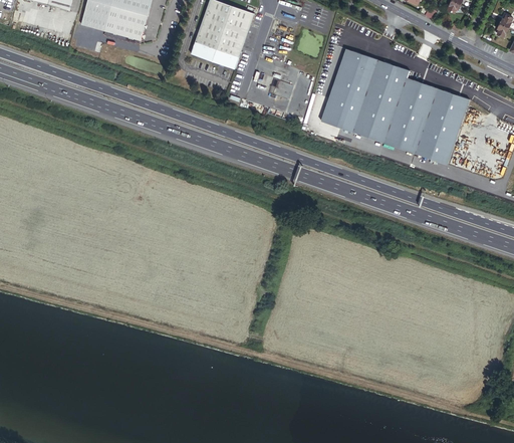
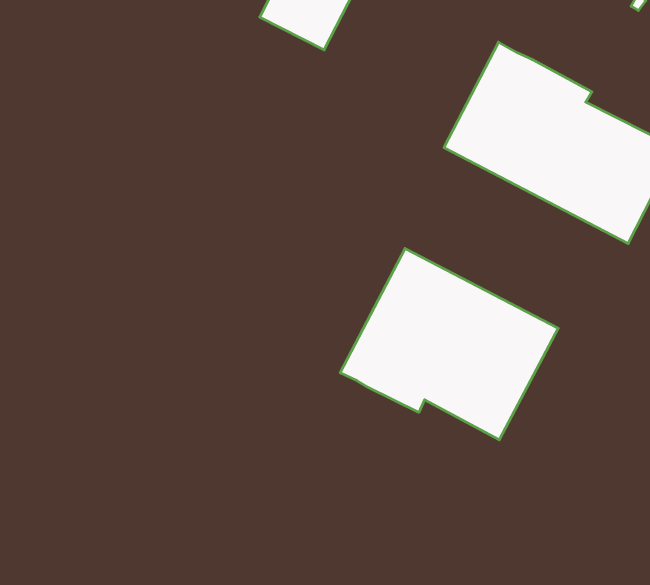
building: none -> [340,248,558,440]

